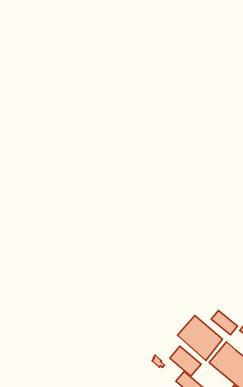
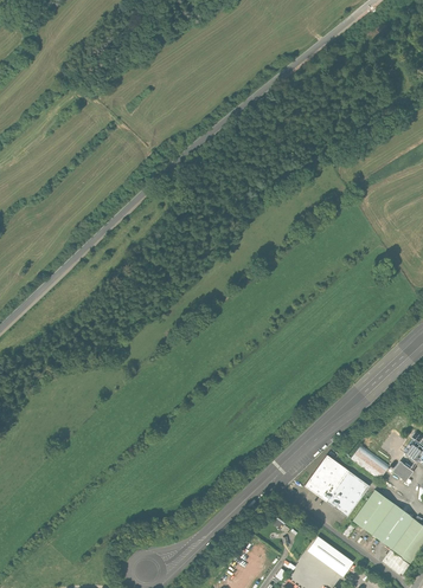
building: [170,346,201,376] -> none

